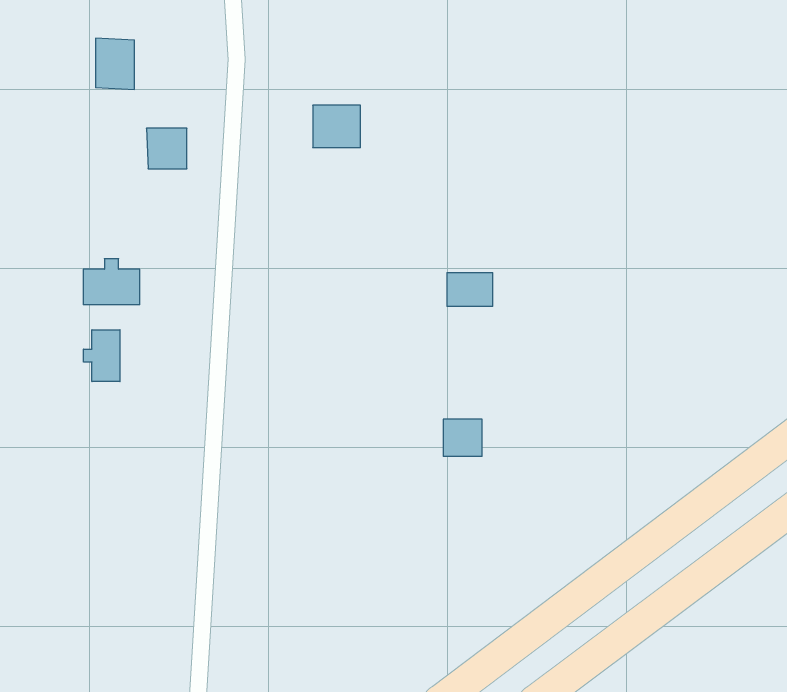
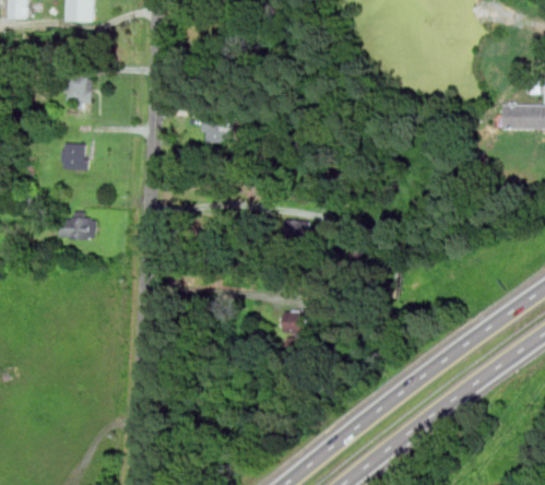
building: [146,128,187,169] -> [60,143,85,168]
building: [84,330,120,382] -> none

